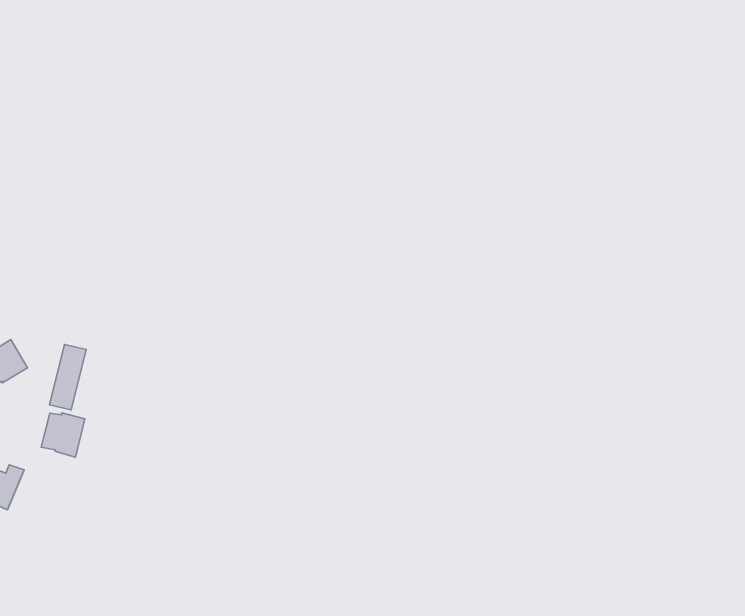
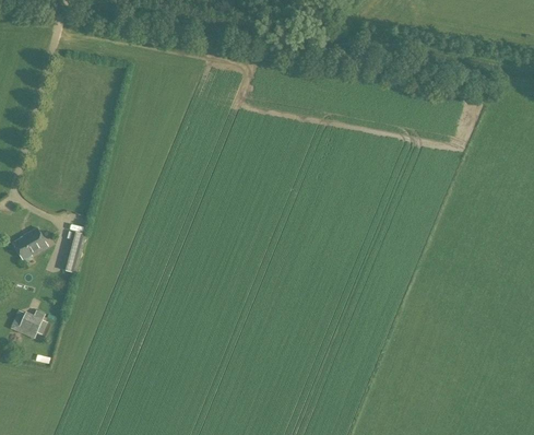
building: [41,413,85,457] -> none

